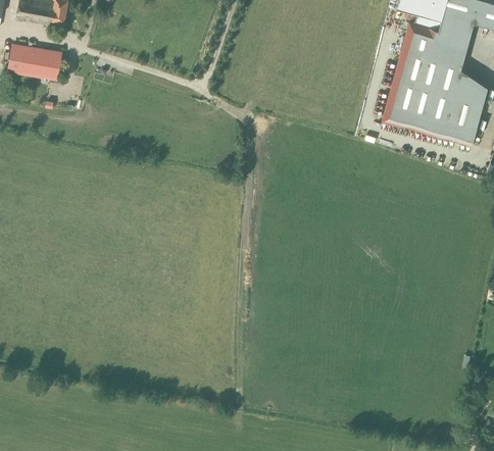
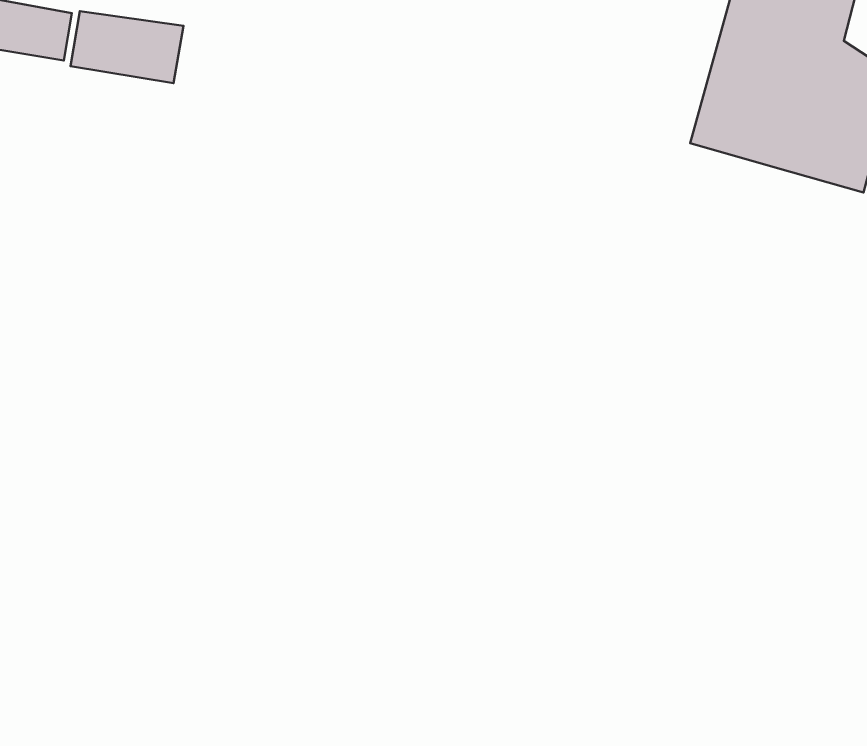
building: none -> [71,11,183,83]

